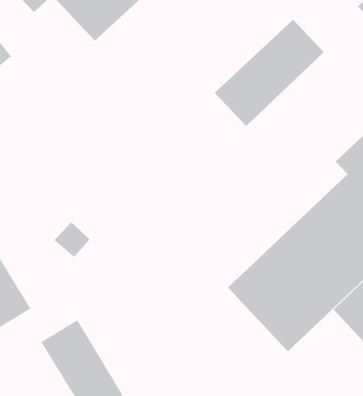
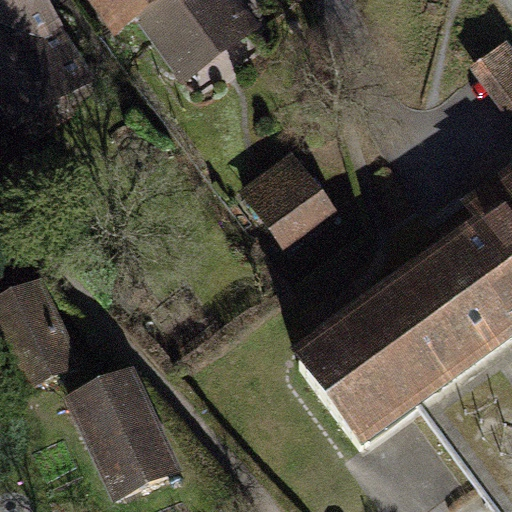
building: [214,19,324,127] -> none
building: none -> [249,170,334,240]

